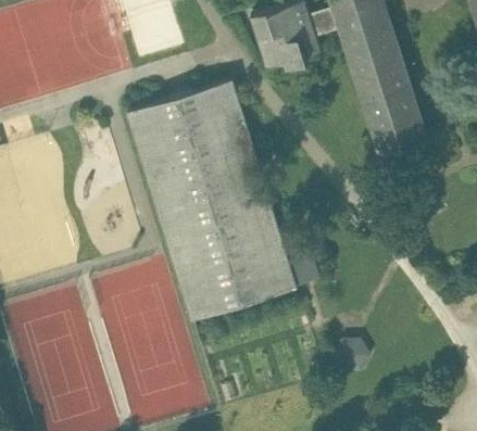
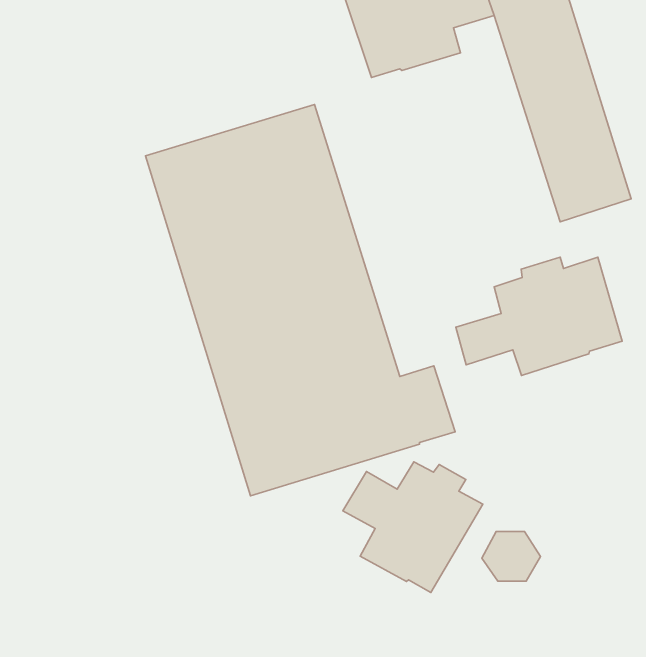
building: none -> [456,257,622,375]
building: none -> [343,462,483,592]

